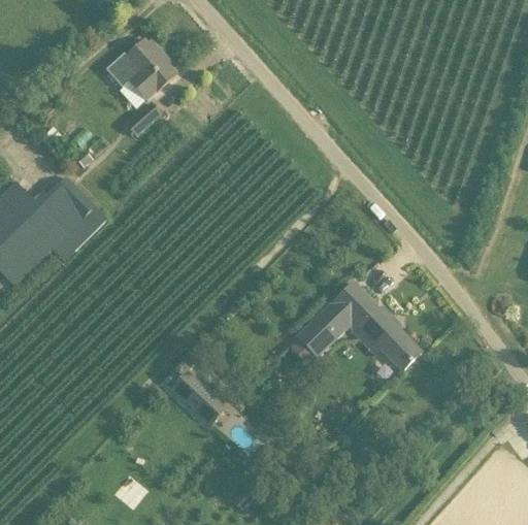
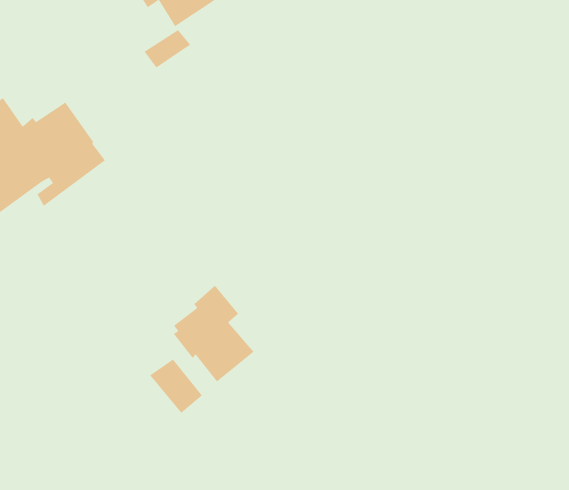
building: [289,282,421,371] -> none
building: none -> [173,285,254,382]

